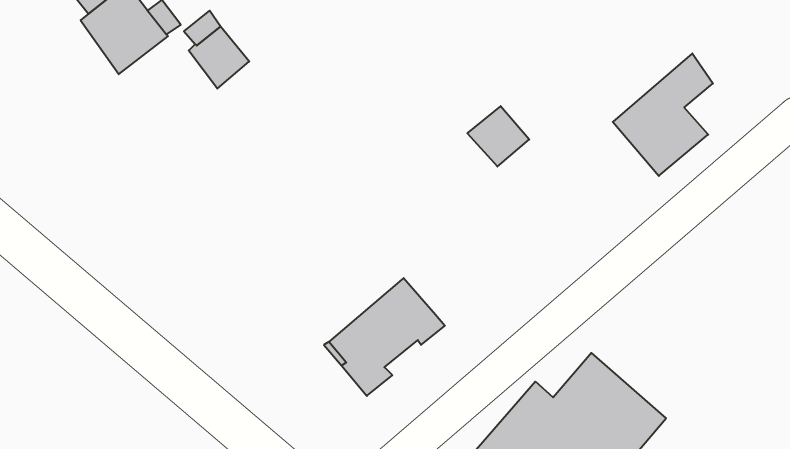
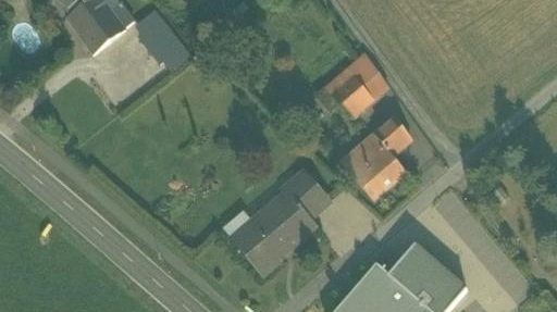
building: [613,53,713,176] -> [341,116,409,200]
building: none -> [348,54,387,98]
building: none -> [282,172,329,217]

